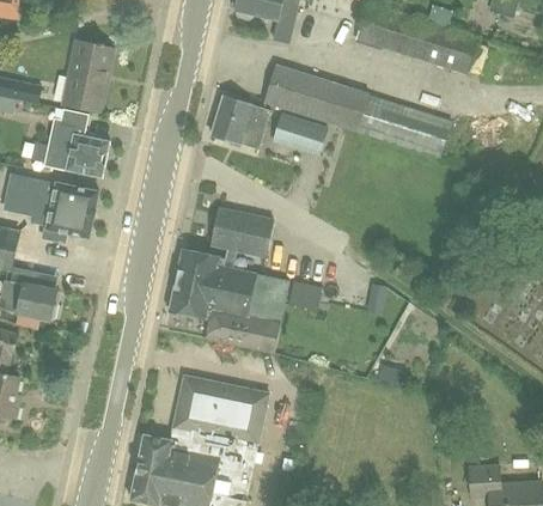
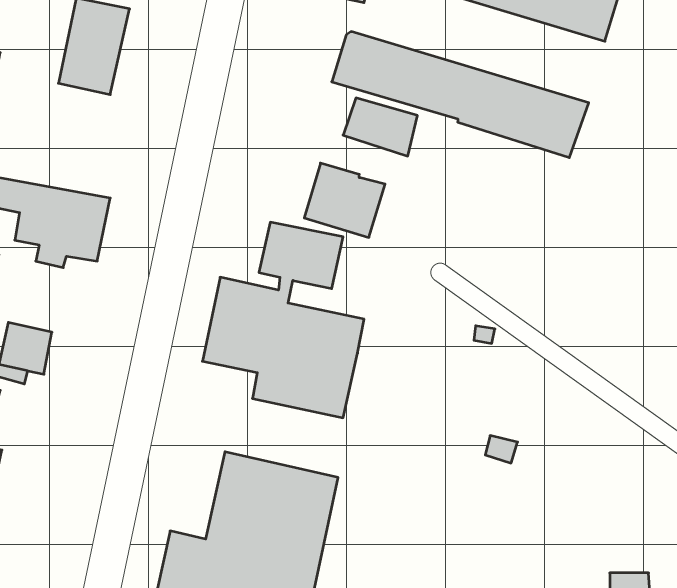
building: [209,93,269,148] -> [304,163,385,237]
building: [43,108,110,176] -> none
building: [286,279,319,310] -> none

